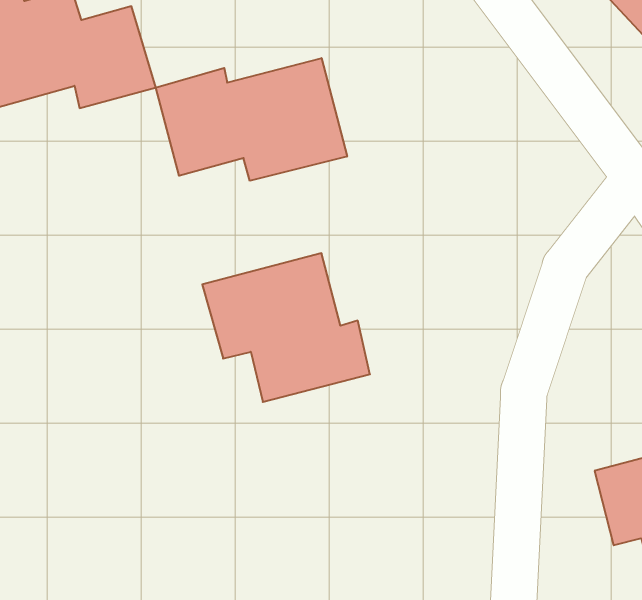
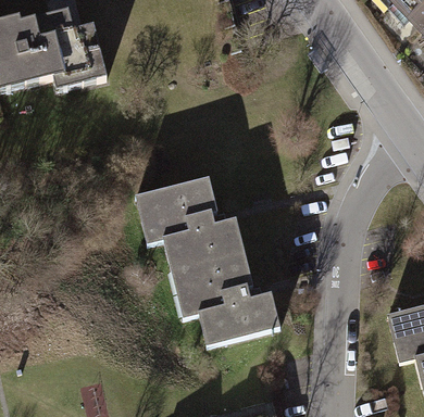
building: [156,58,347,181] -> none
building: none -> [176,252,277,345]

